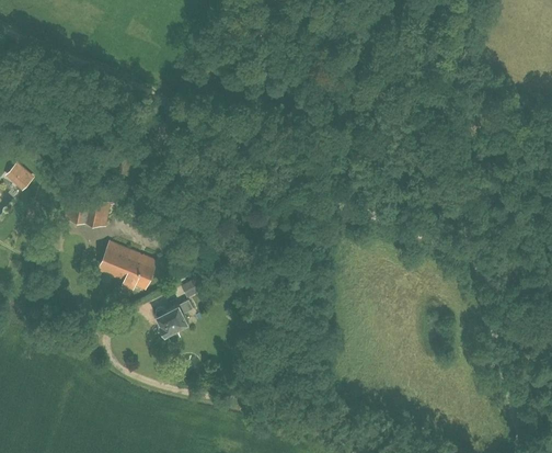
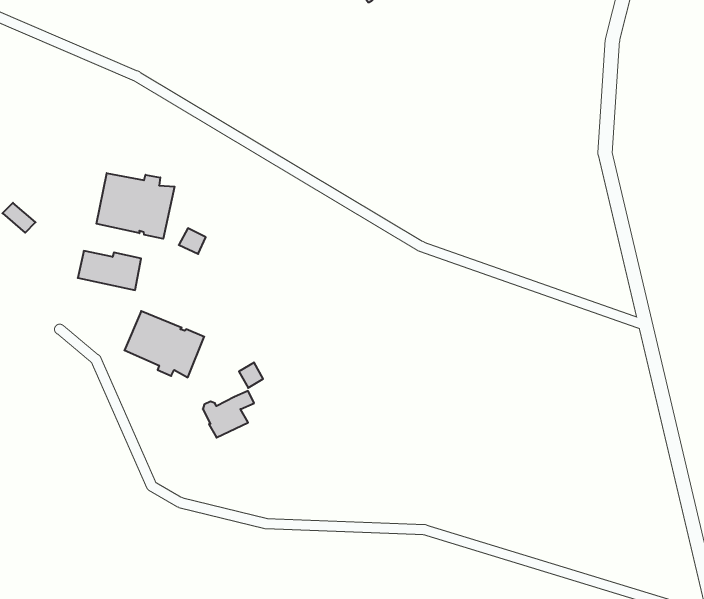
building: none -> [96,173,175,239]

